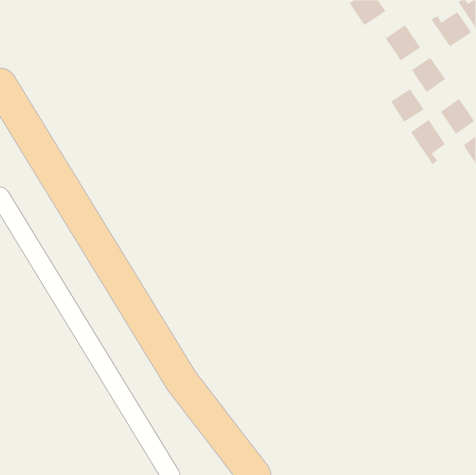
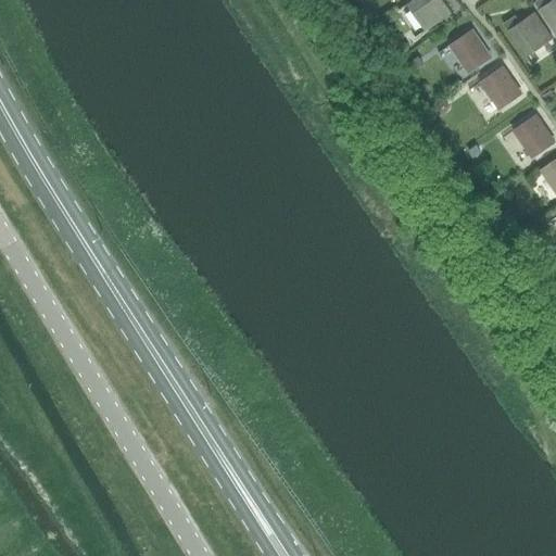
building: [389,88,425,123] -> none
building: [410,119,446,165] -> none

